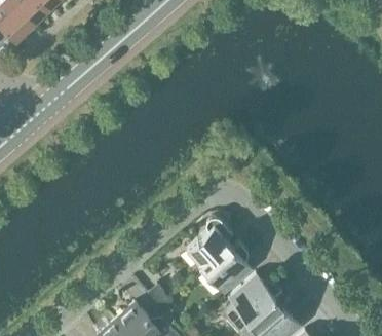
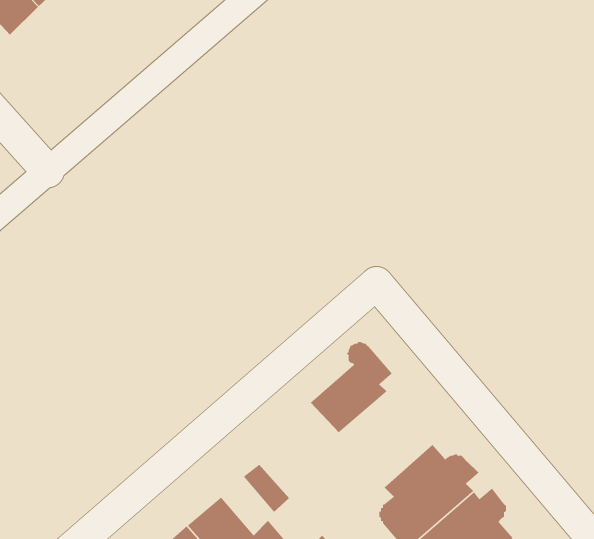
building: [201,242,252,295] -> none

